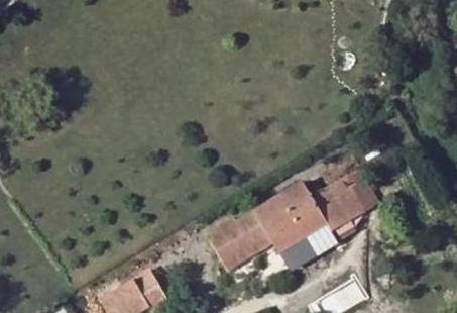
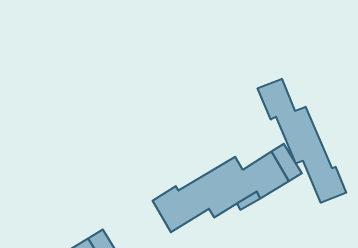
building: none -> [258,79,346,203]

